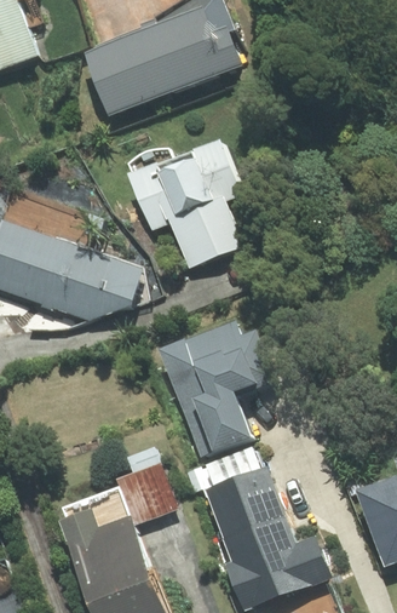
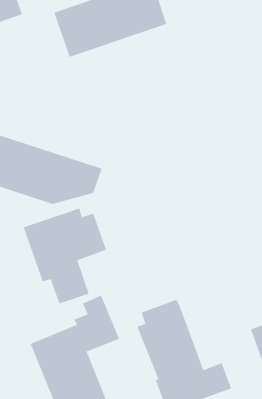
building: [123,145,246,267] -> none
building: [161,322,277,456] -> [23,208,107,304]

